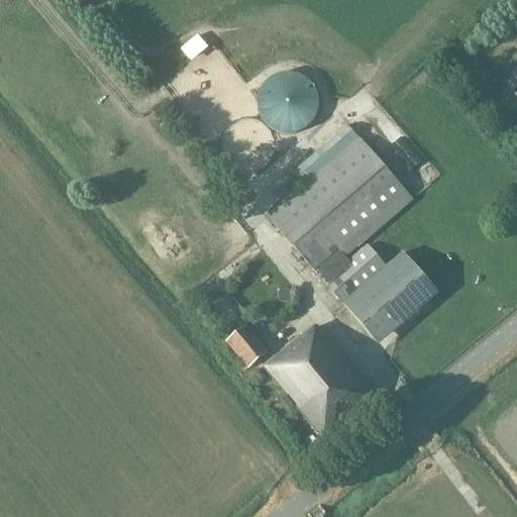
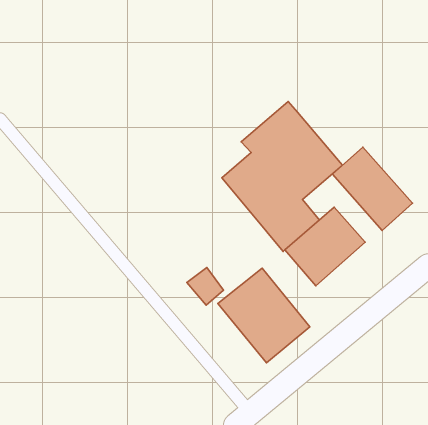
building: [257,70,318,131] -> none
building: none -> [333,147,413,231]

